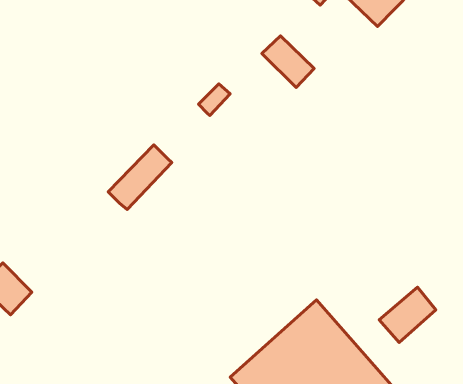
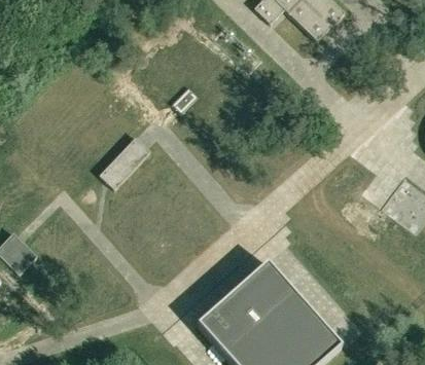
building: [262,36,314,88] -> none
building: [379,287,436,342] -> none

